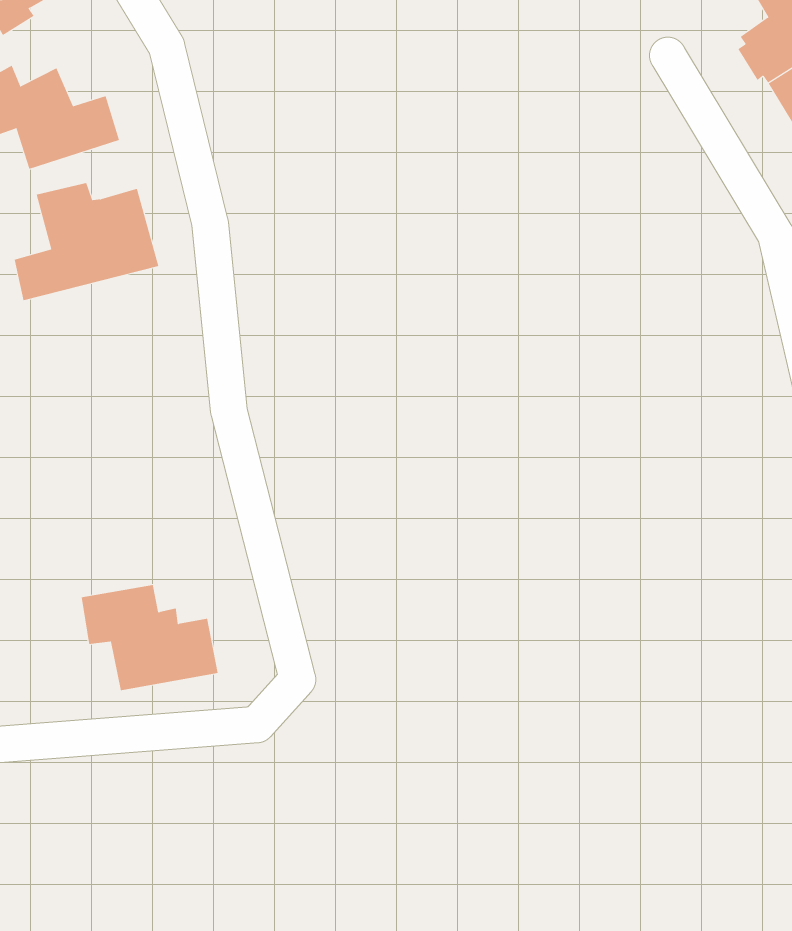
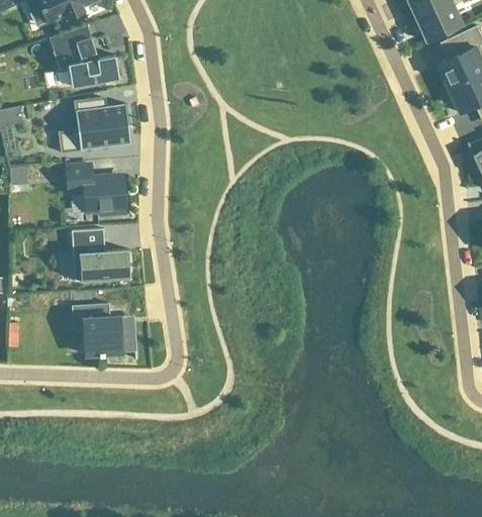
building: none -> [65,165,125,215]
building: none -> [71,228,126,281]

